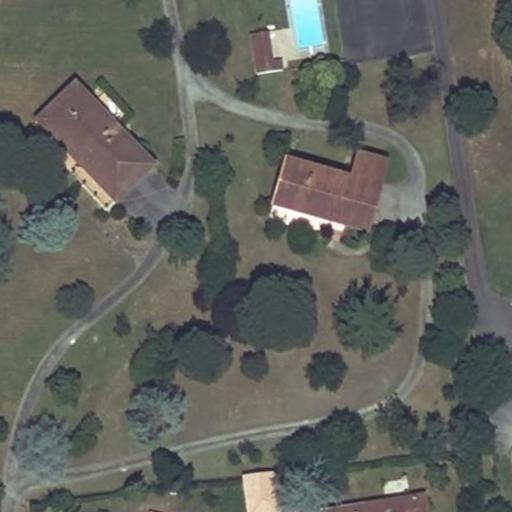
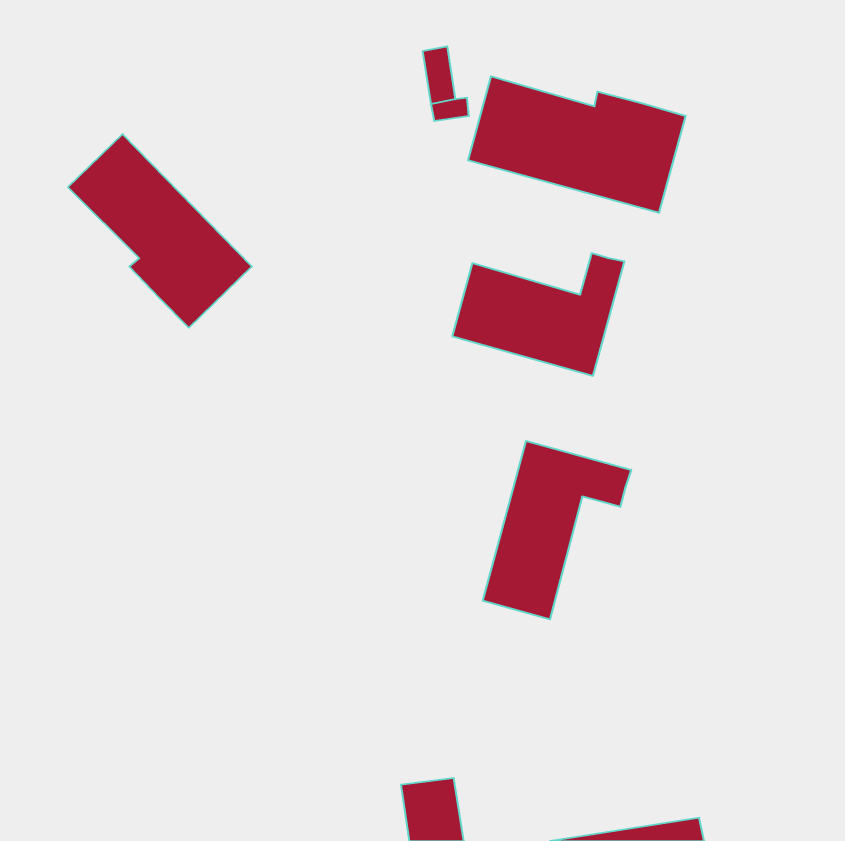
building: none -> [468,76,686,213]
building: none -> [483,441,631,619]

